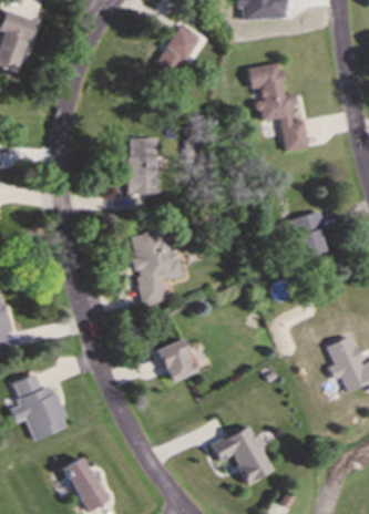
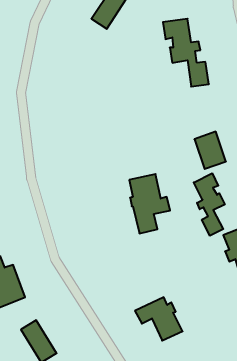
building: [129,137,158,194] -> none
building: [131,228,184,306] -> [129,174,170,233]
building: none -> [194,173,225,236]
building: [158,338,198,382] -> none

